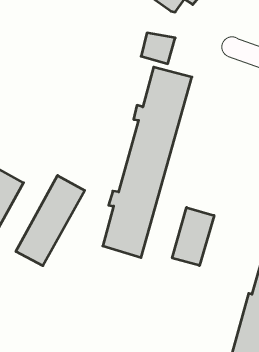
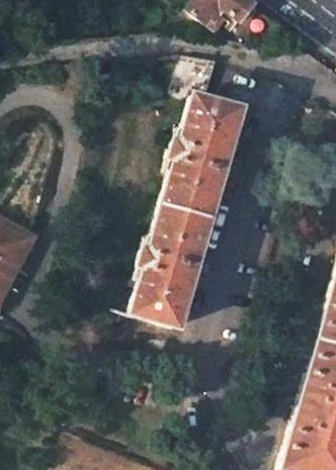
building: [16,175,85,266] -> none
building: [172,207,214,266] -> none

